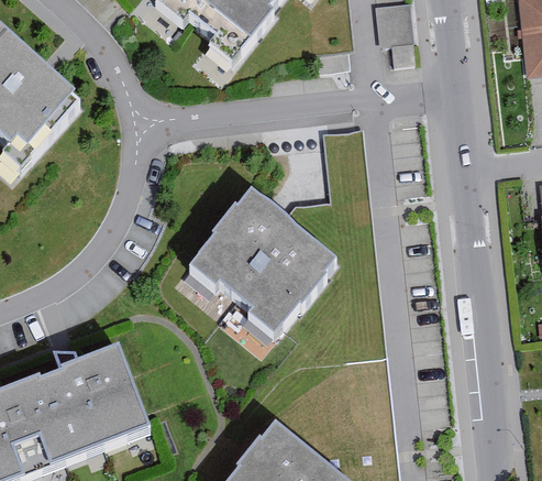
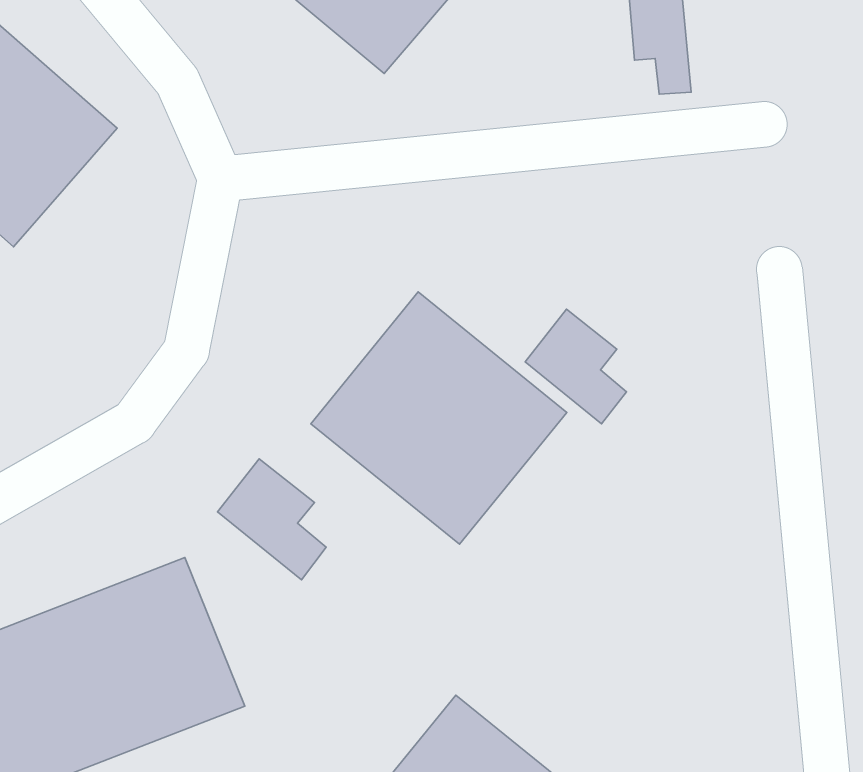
building: none -> [525,309,626,424]
building: none -> [217,459,326,580]

